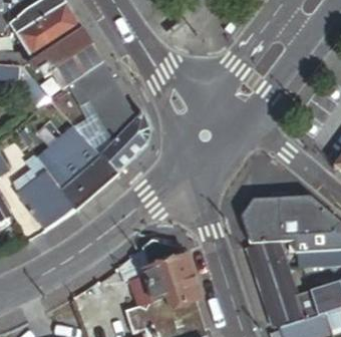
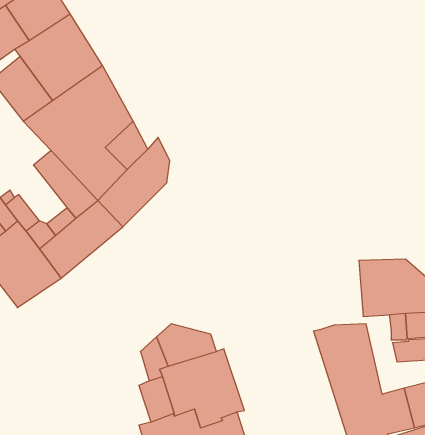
building: [242,197,284,244] -> none

